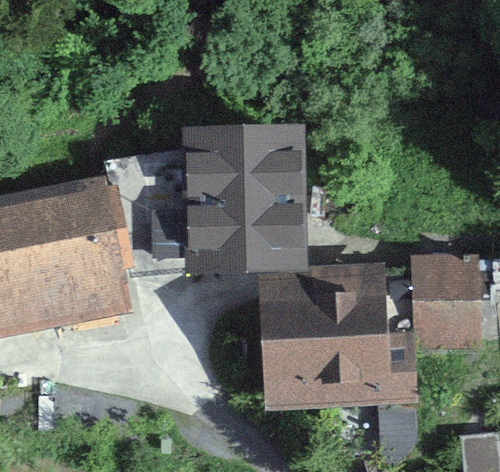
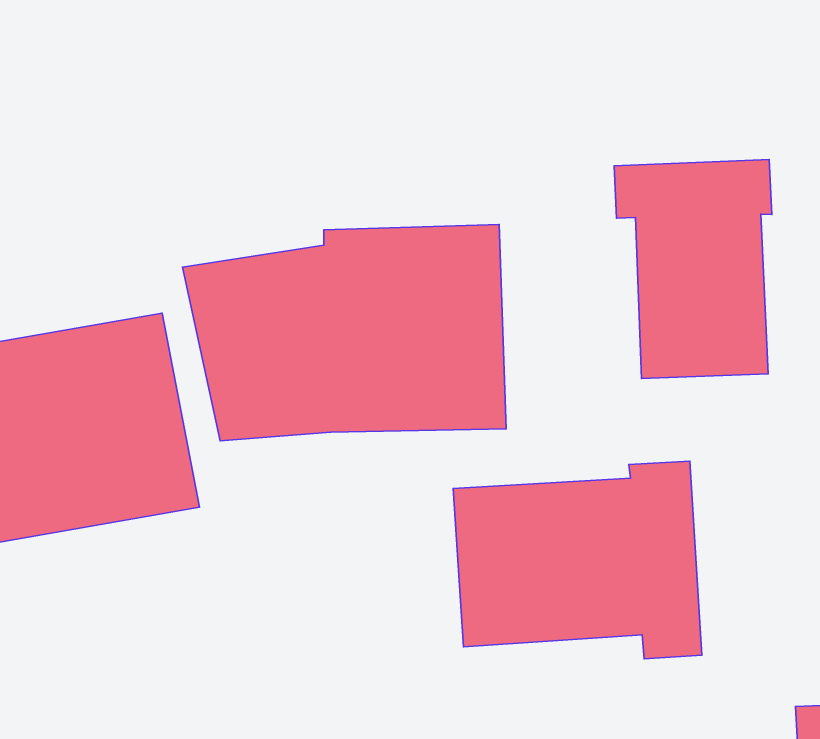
building: none -> [614,159,772,379]
building: [419,263,475,346] -> none

